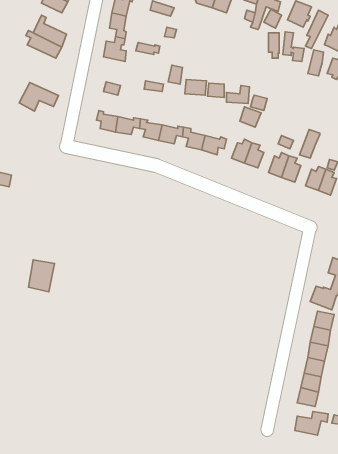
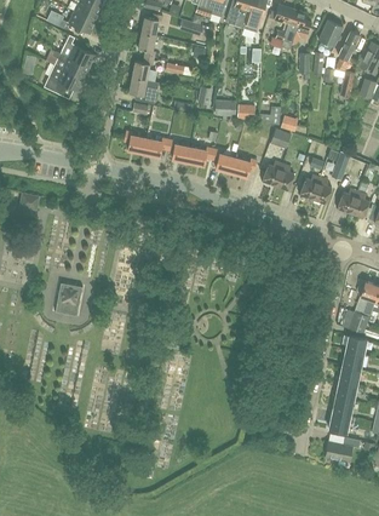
building: none -> [128,76,159,102]
building: [19,83,58,111] -> [44,64,84,93]

